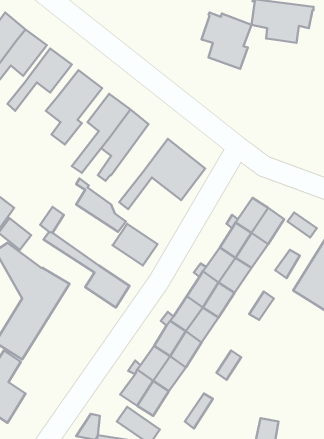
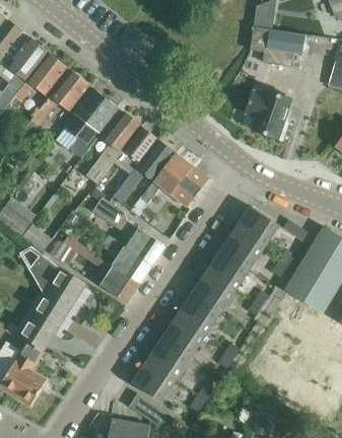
building: [202,12,251,69] -> [246,88,290,139]
building: none -> [114,139,175,203]
building: none -> [104,235,152,284]

